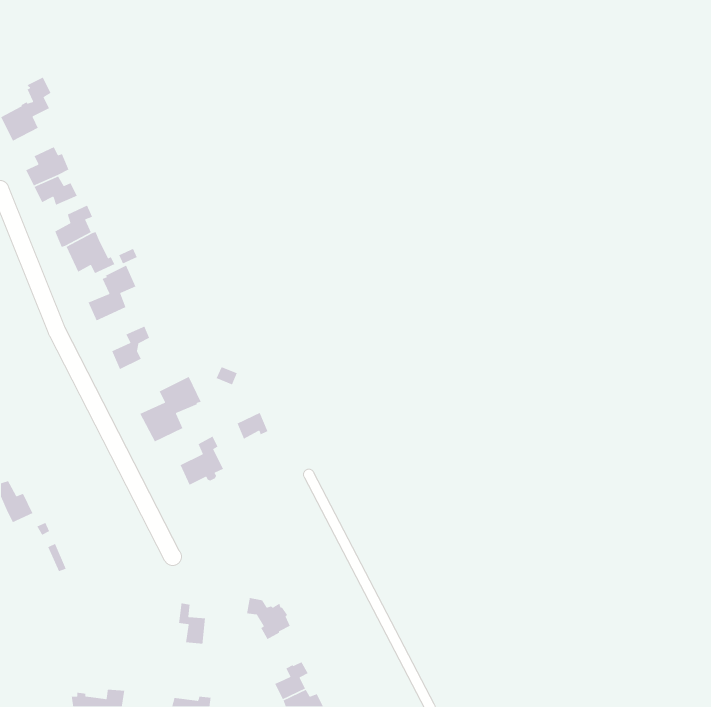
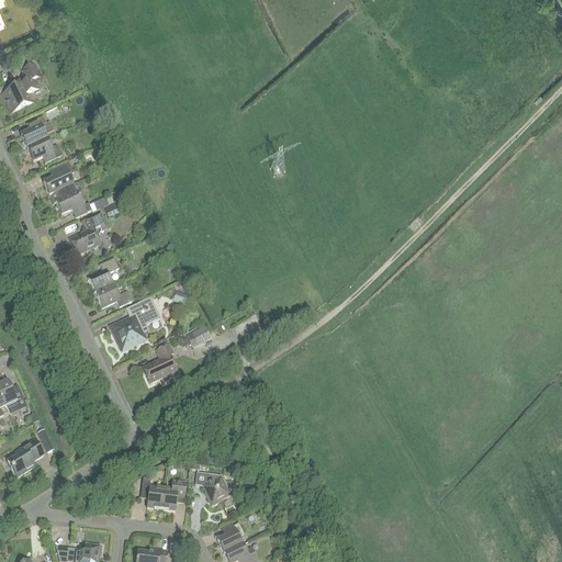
building: none -> [94,283,131,307]
building: none -> [7,439,44,476]
building: none -> [160,480,186,510]

